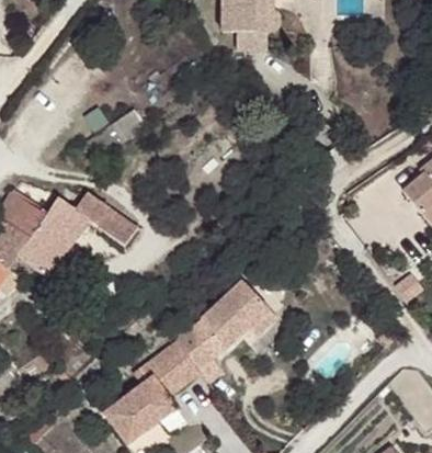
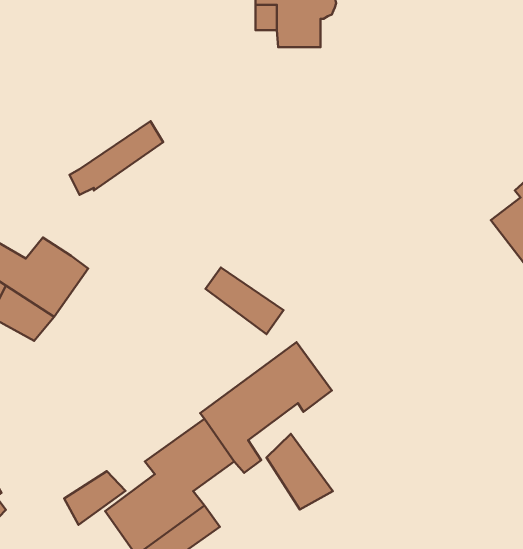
building: [77,195,137,247] -> [205,267,283,334]
building: none -> [266,434,333,510]
building: none -> [64,471,125,525]

